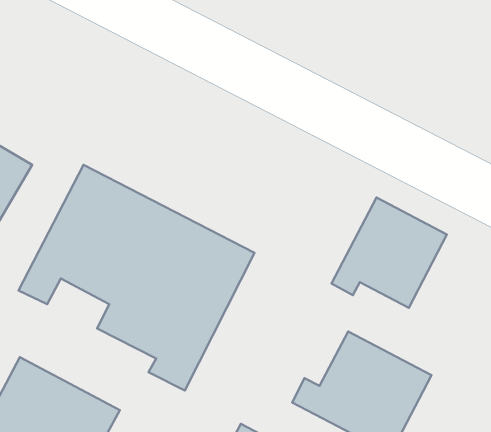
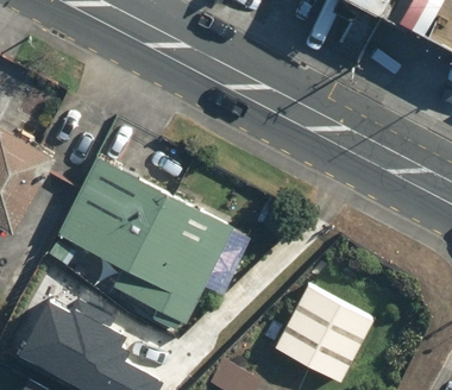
building: [331,197,447,308] -> none

